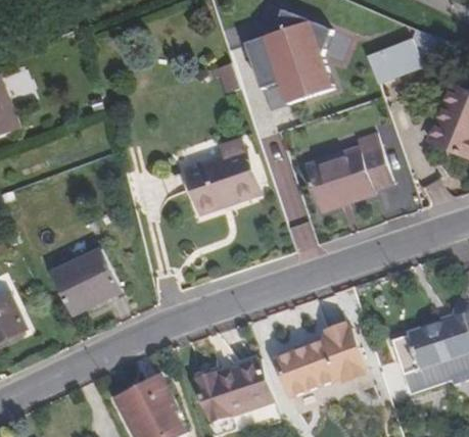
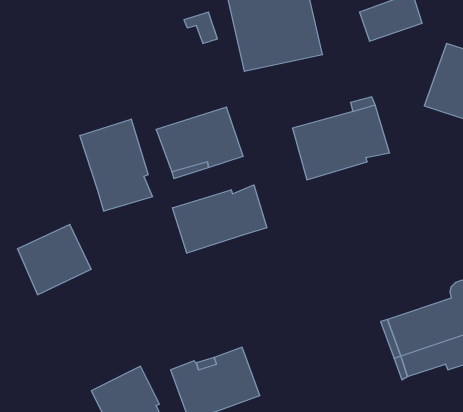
building: none -> [80,119,152,211]
building: none -> [172,185,267,253]
building: [273,338,356,397] -> none

